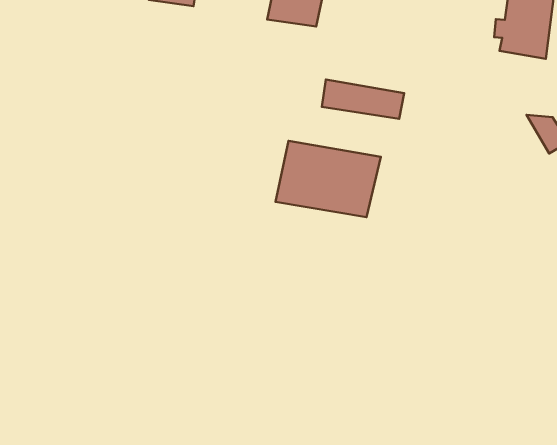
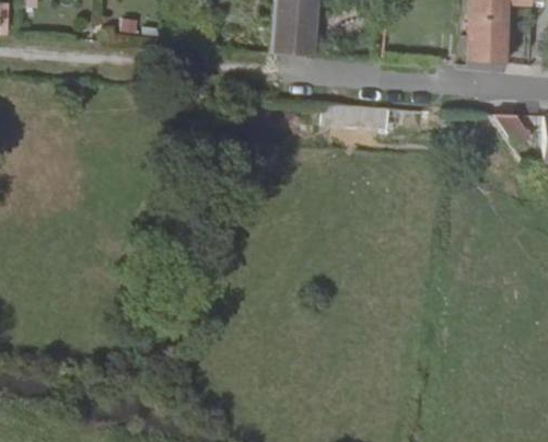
building: [276,141,381,217] -> none

